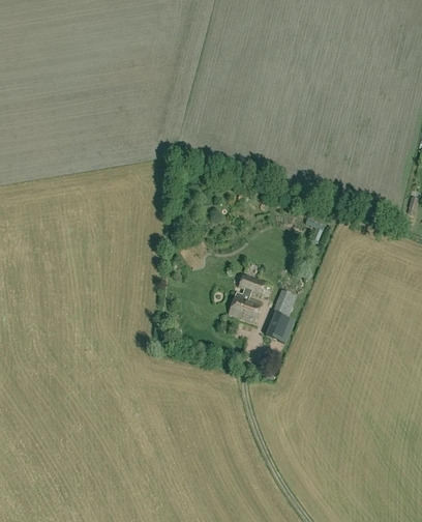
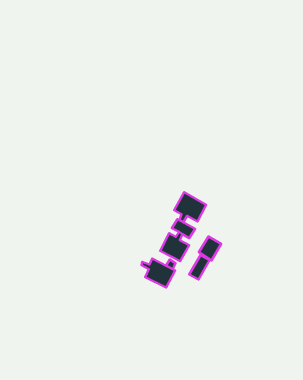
building: none -> [174,192,206,222]
building: none -> [141,259,175,288]

